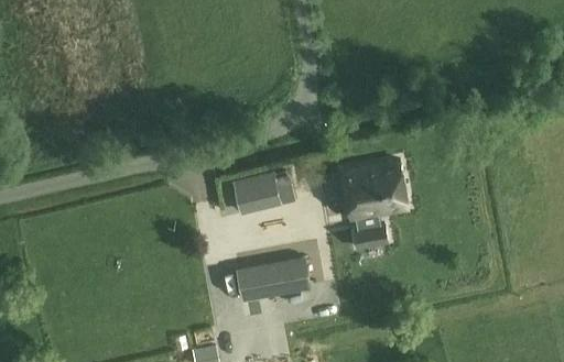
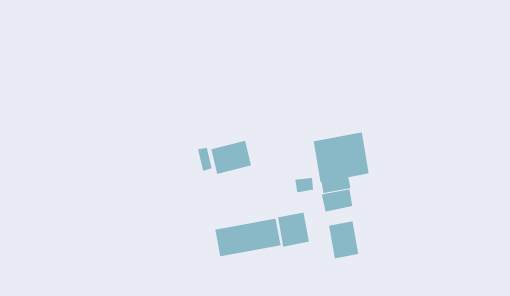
building: none -> [277,212,309,247]
building: none -> [329,220,359,259]

